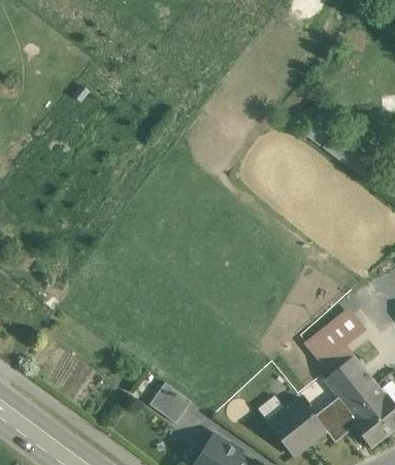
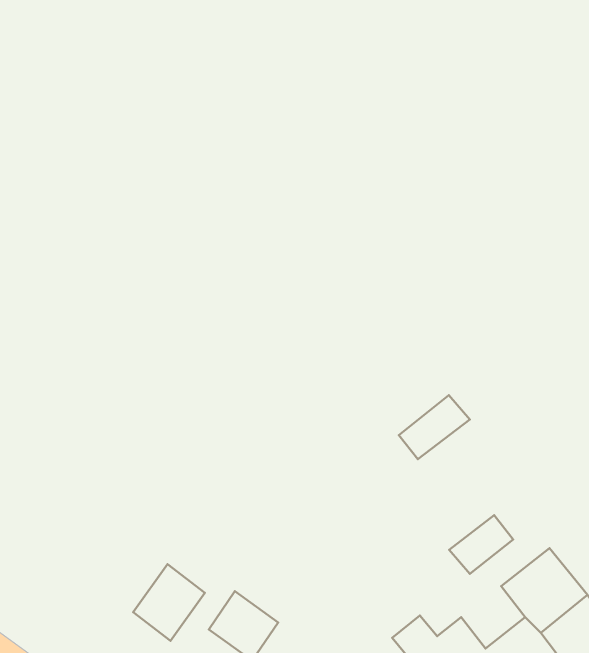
building: [320,312,362,351] -> [399,395,470,459]
building: none -> [133,564,205,641]

